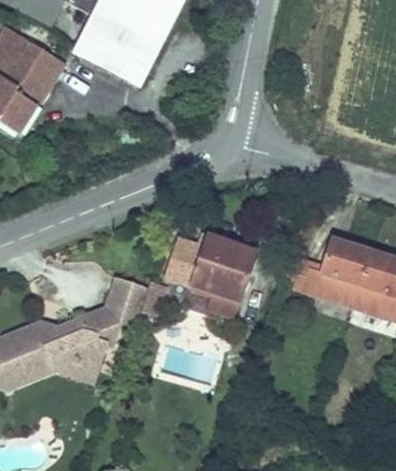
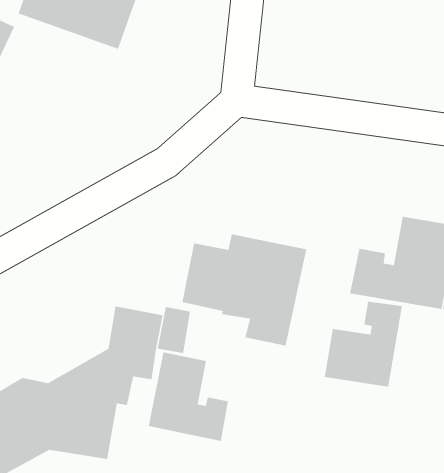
building: none -> [324,301,403,388]
building: none -> [148,351,229,442]

